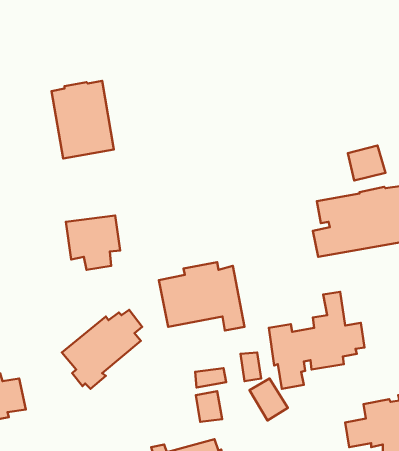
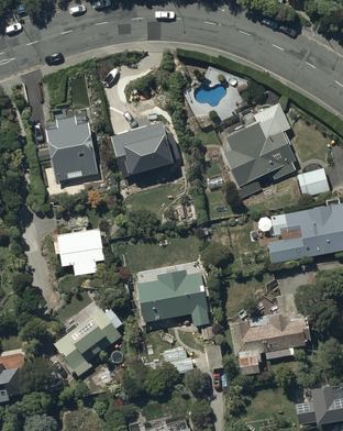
building: none -> [222,102,294,187]
building: none -> [111,122,177,178]
building: [250,378,288,421] -> none
building: [196,391,222,422] -> none

